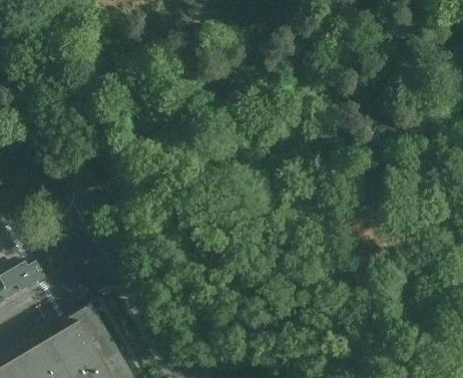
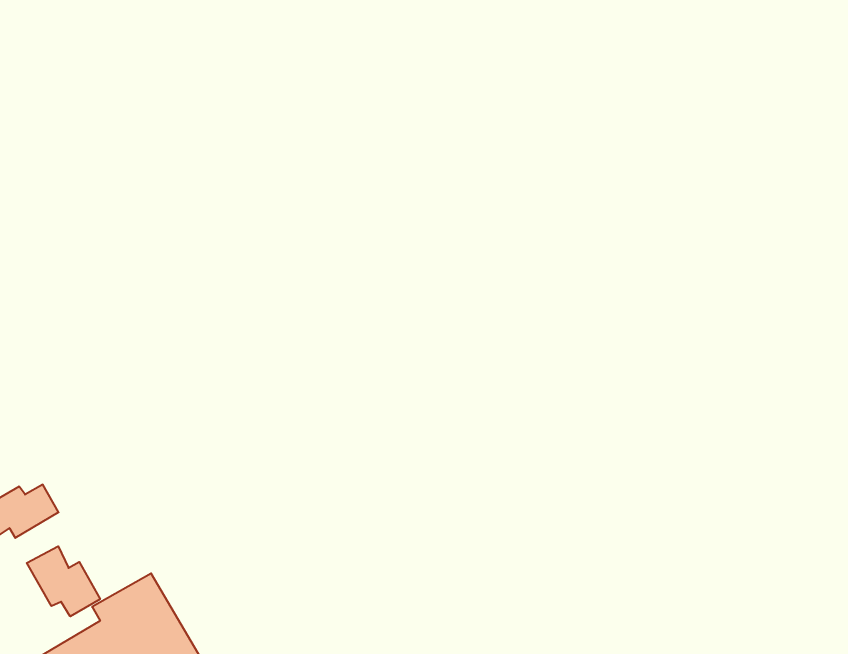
building: none -> [27,546,100,616]

